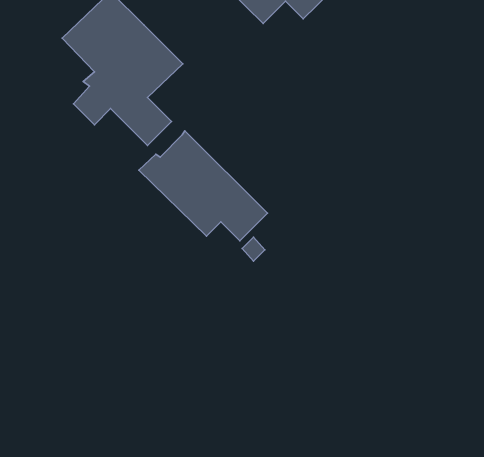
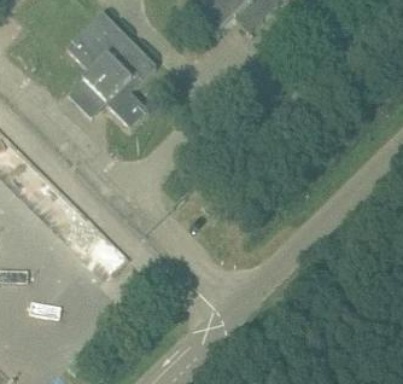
building: [139,131,267,241] -> none

